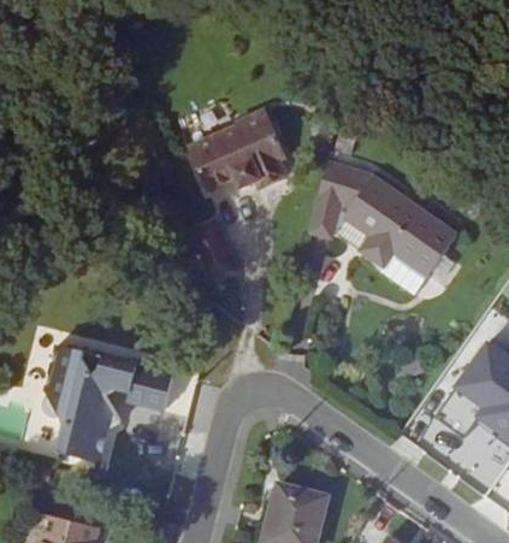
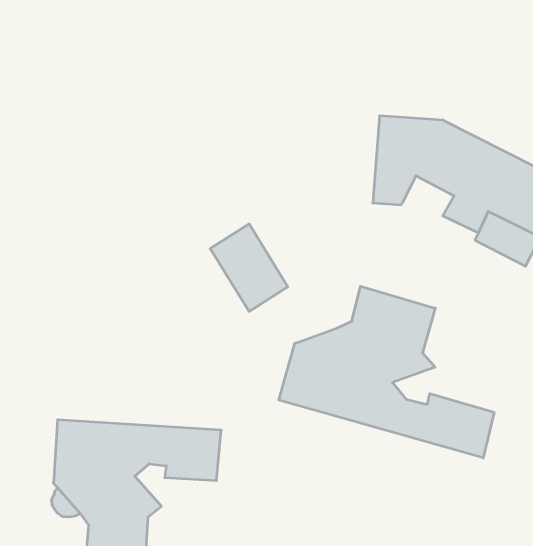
building: [196,113,294,194] -> none
building: none -> [279,286,494,458]

